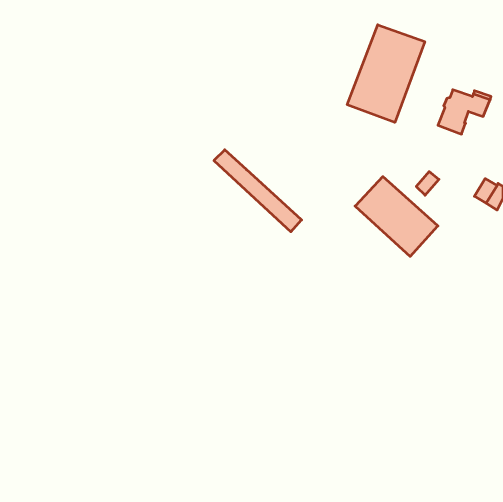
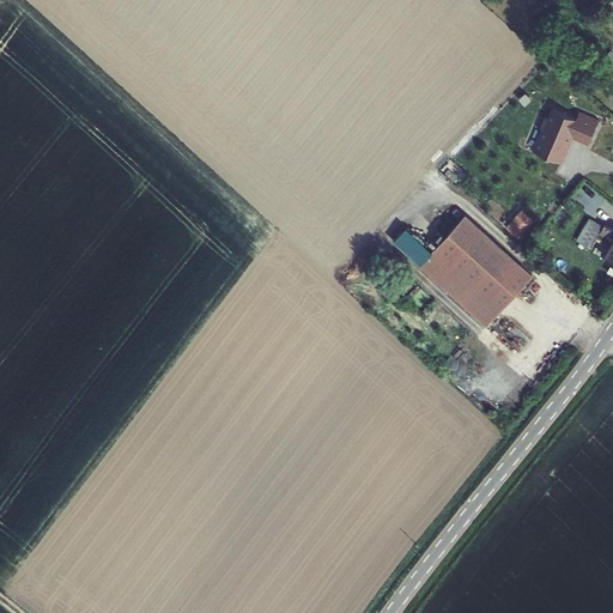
building: [347,25,425,122] -> none
building: [214,150,302,232] -> [392,229,498,328]

